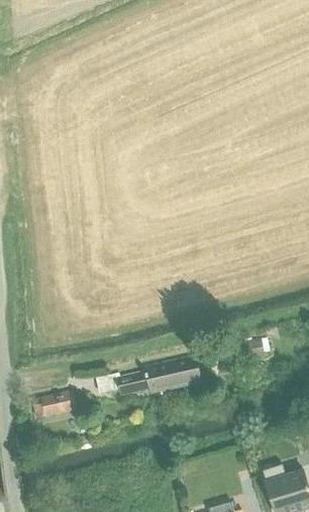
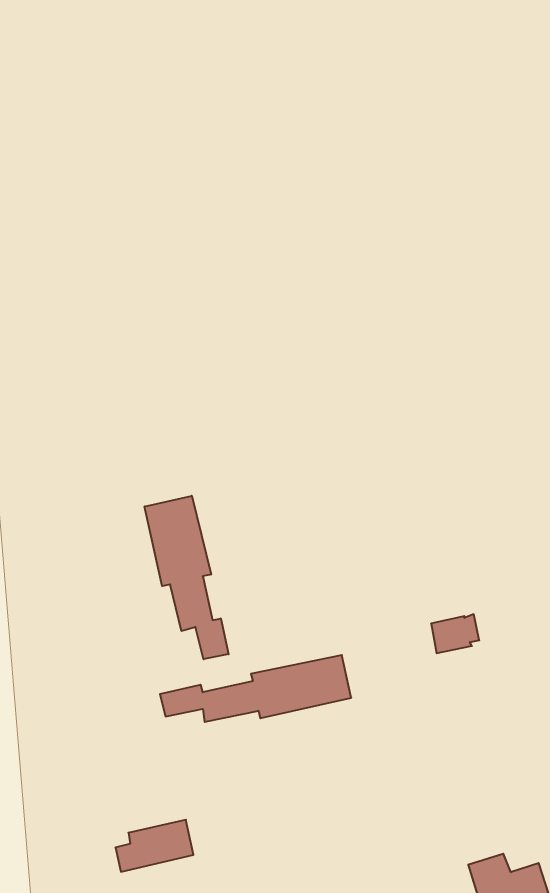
building: none -> [145,496,229,659]
building: [32,389,75,417] -> [115,820,193,872]

